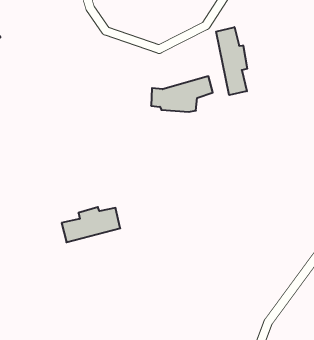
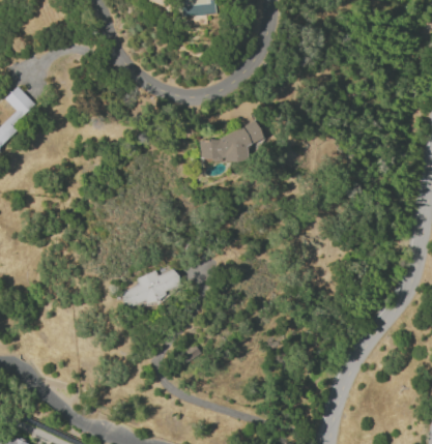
building: [216,27,247,95] -> none

